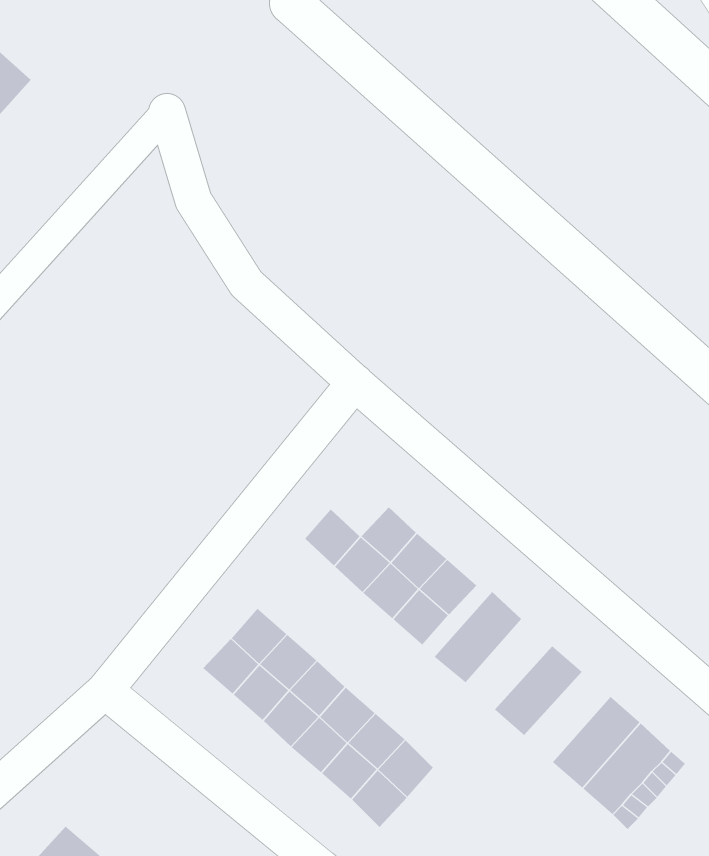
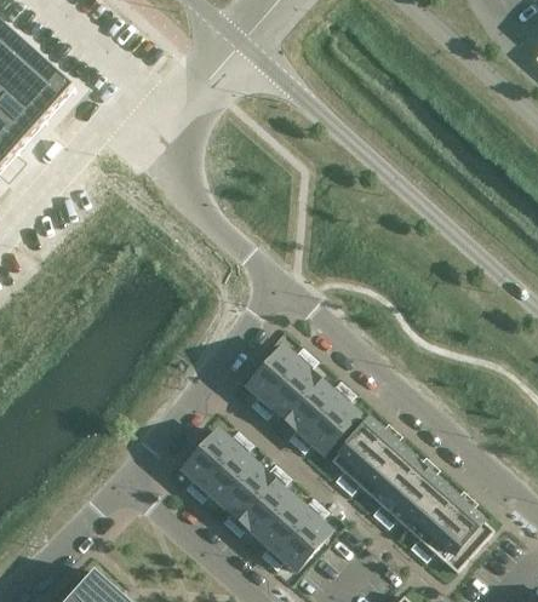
building: none -> [263,344,301,382]
building: none -> [350,435,406,493]
building: none -> [388,469,443,527]

